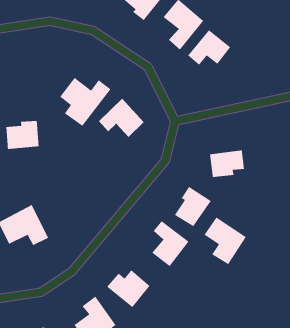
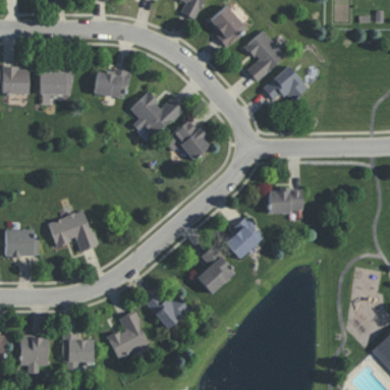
building: [5,120,40,150] -> [94,68,128,97]
building: [203,217,247,265] -> none

